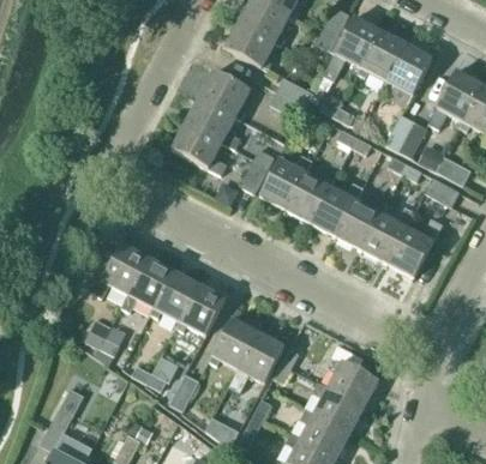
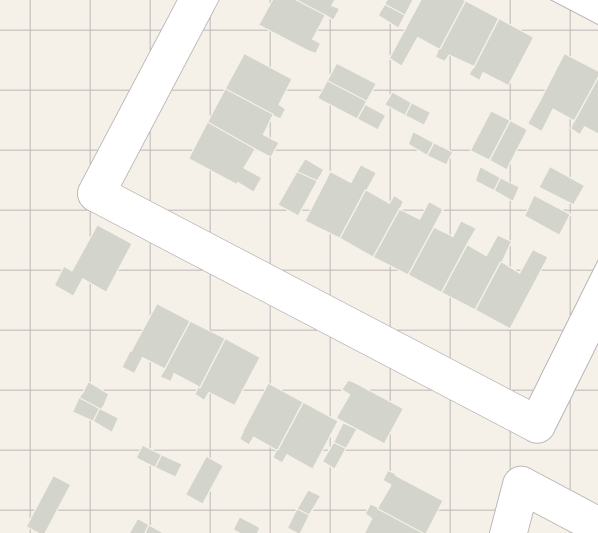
building: [89,243,148,297] -> [54,225,132,296]
building: [328,358,378,406] -> [337,380,404,444]

